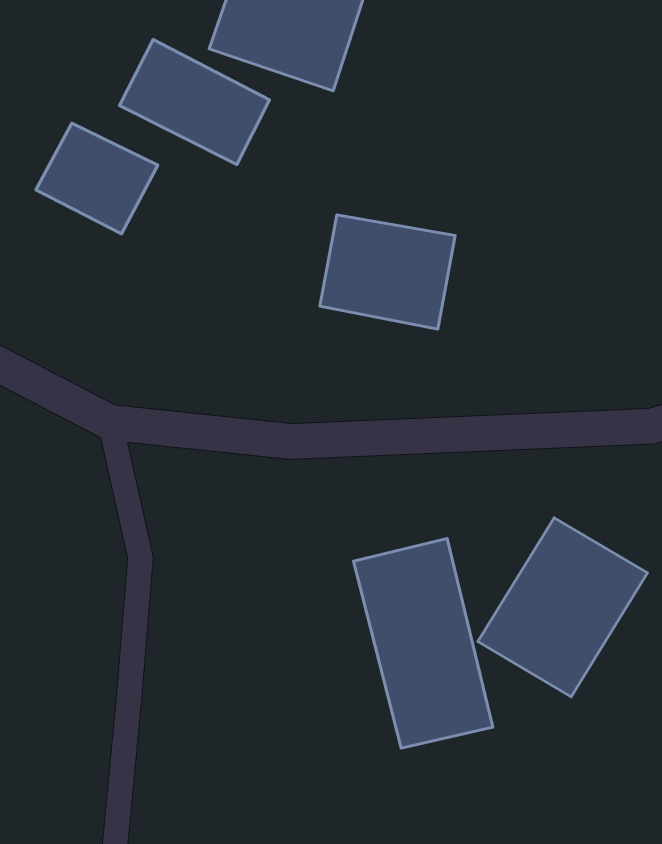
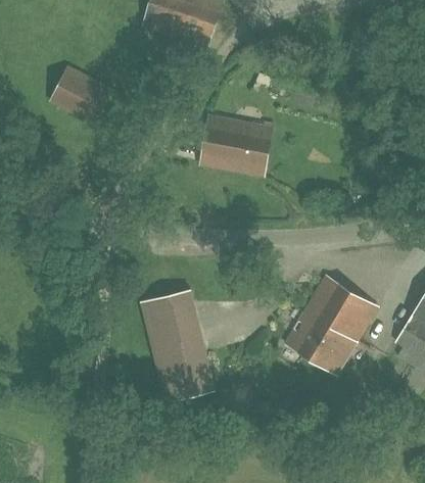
building: [119,40,270,164] -> none
building: [354,538,493,748] -> [141,290,216,402]

